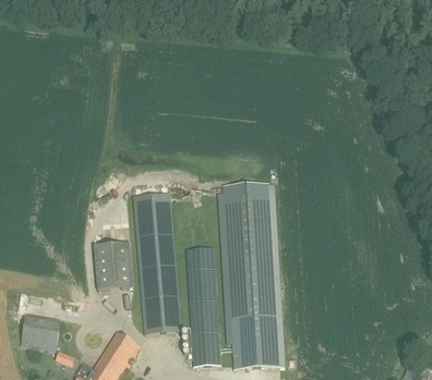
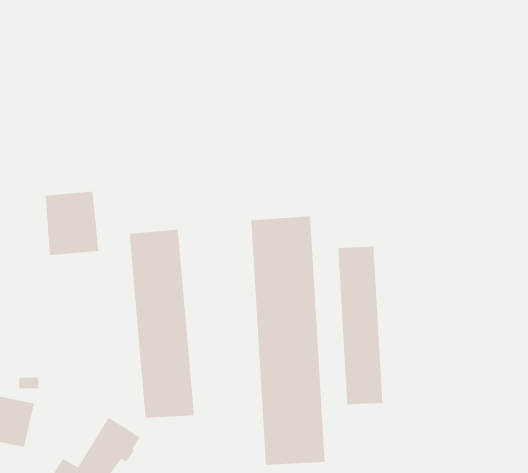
building: [94,242,134,290] -> [45,191,99,256]
building: [187,247,220,365] -> [338,246,383,405]

